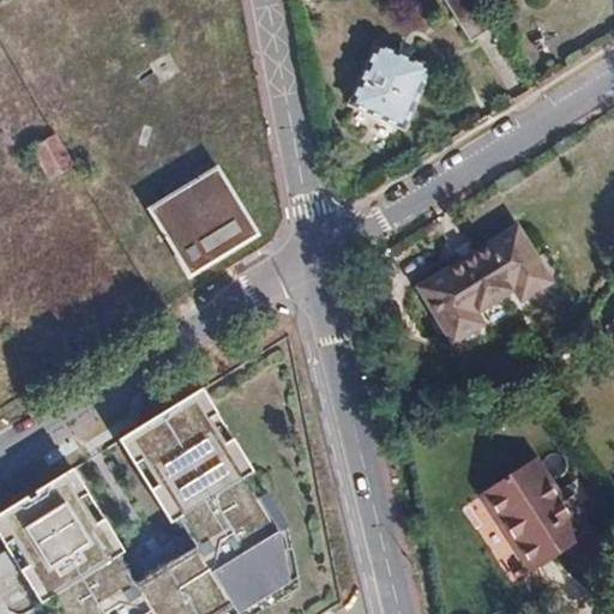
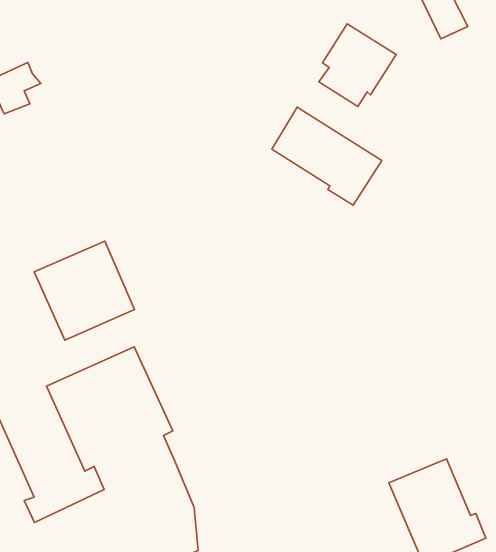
building: none -> [272,107,382,205]
building: [146,170,251,273] -> [34,241,134,340]
building: [421,225,547,336] -> none

